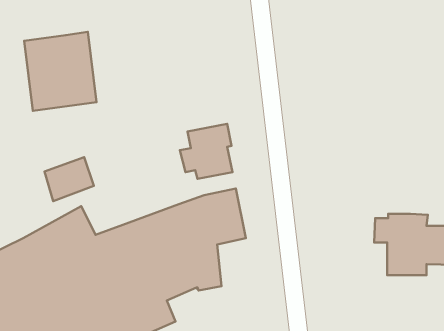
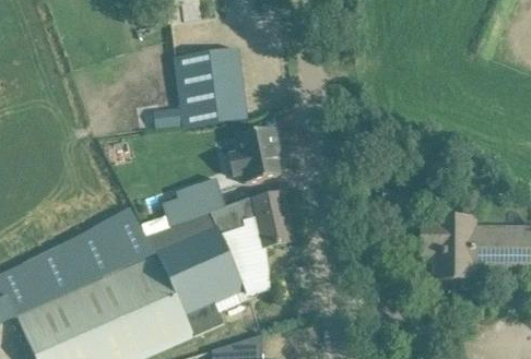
building: [24,32,97,111] -> [174,47,246,125]
building: [45,157,94,201] -> [177,177,226,220]

